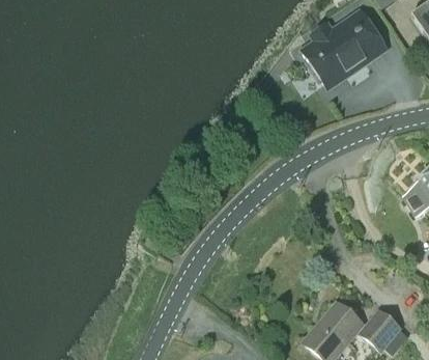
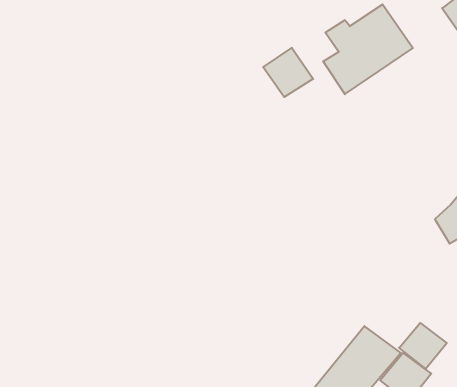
building: none -> [263,48,313,97]
building: none -> [399,323,447,369]

